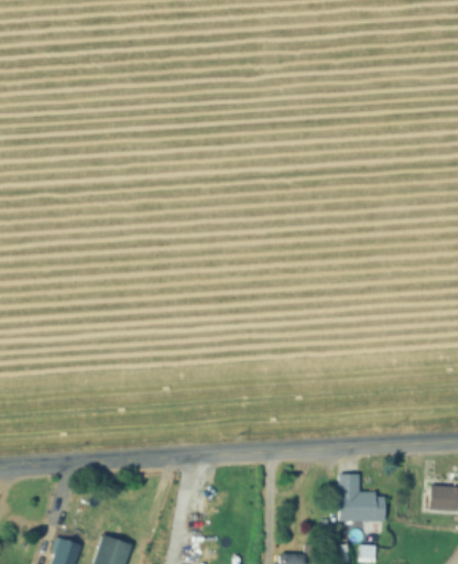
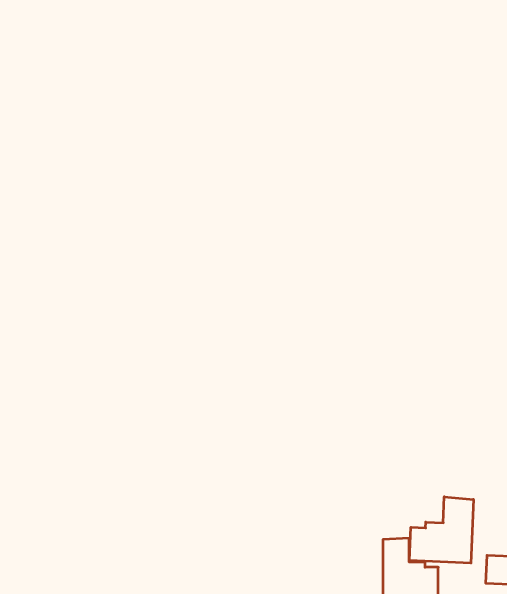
building: none -> [410,497,473,563]

